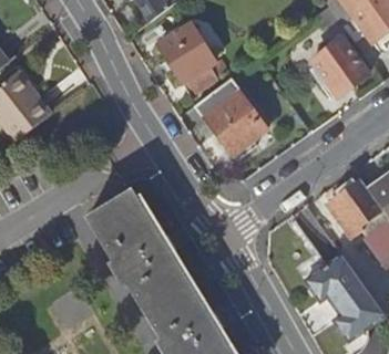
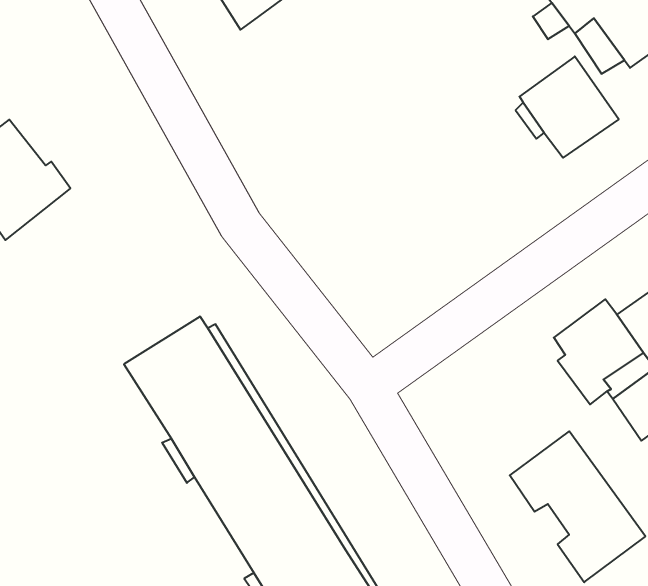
building: [160,22,228,93] -> none
building: [197,79,266,152] -> none

